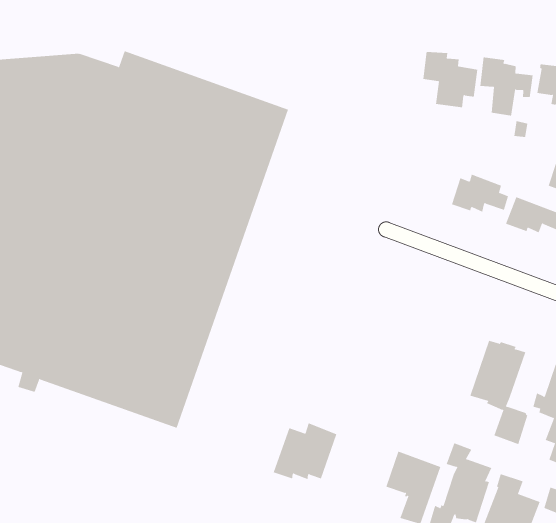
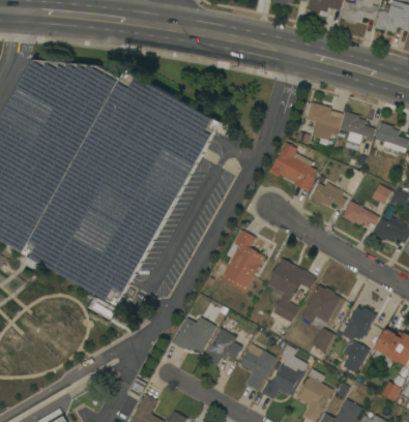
building: none -> [269,143,318,192]
building: none -> [221,230,264,293]
building: none -> [267,258,316,323]
building: none -> [204,329,242,367]

